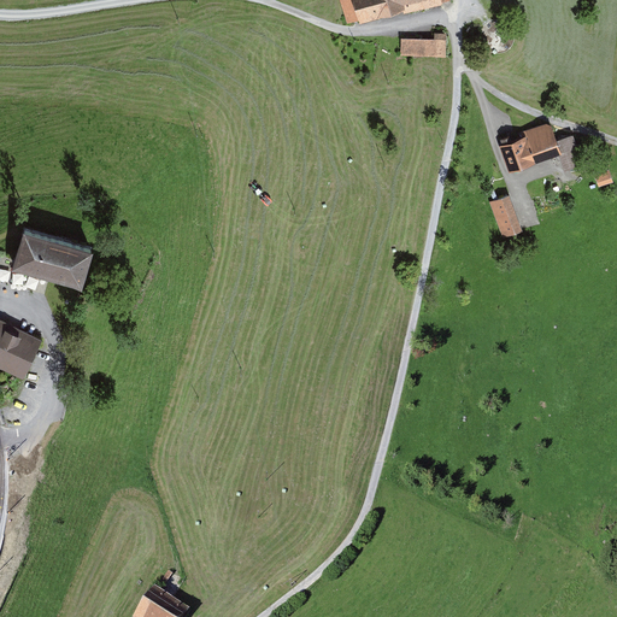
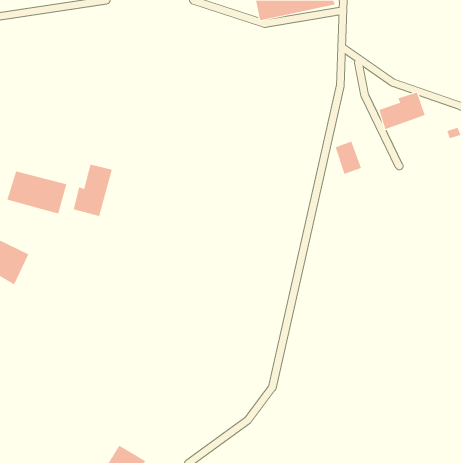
building: [400,35,445,59] -> none
building: [489,194,525,239] -> [335,141,362,174]
building: none -> [73,164,112,217]

